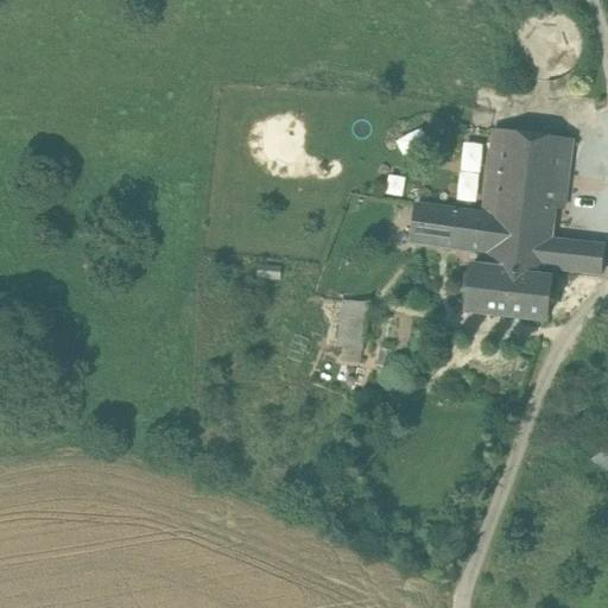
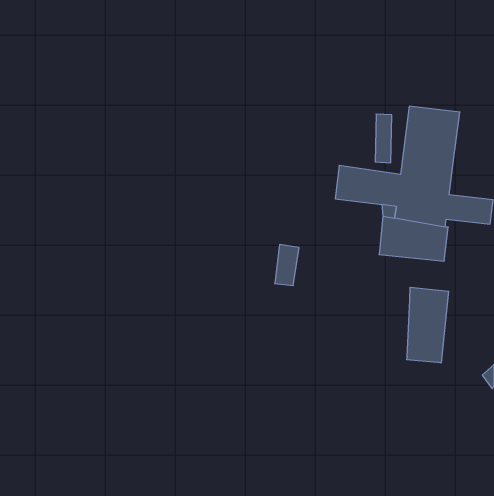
building: [551,137,580,210] -> none
building: none -> [407,287,449,363]

